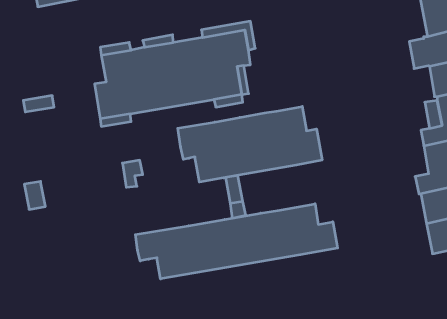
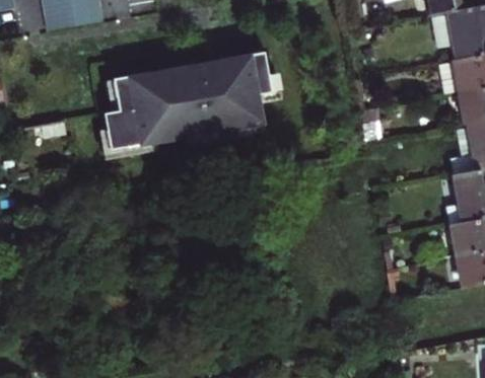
building: [178,106,322,182] -> none
building: [135,204,338,279] -> none

